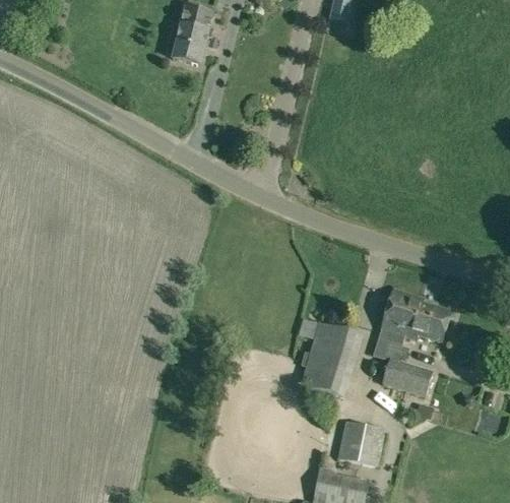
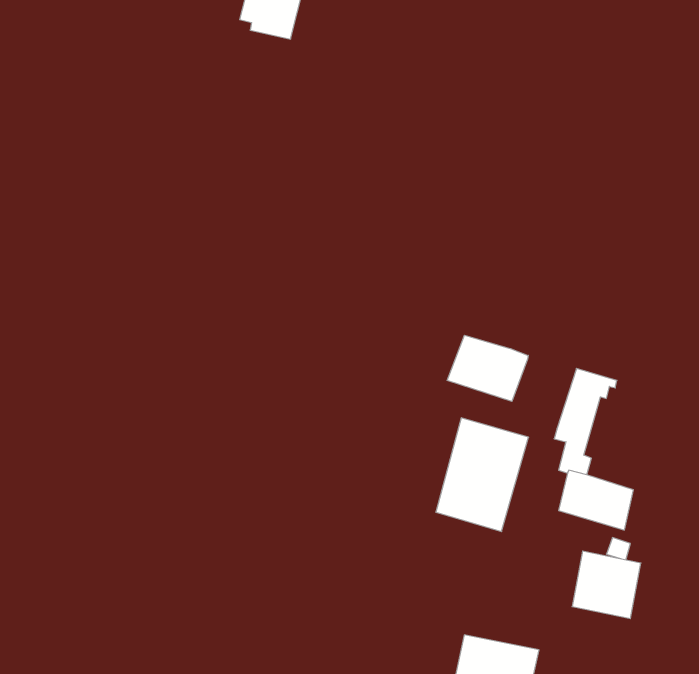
building: none -> [447,335,528,401]
building: [402,300,451,341] -> none
building: [337,420,384,465] -> [572,551,641,619]

